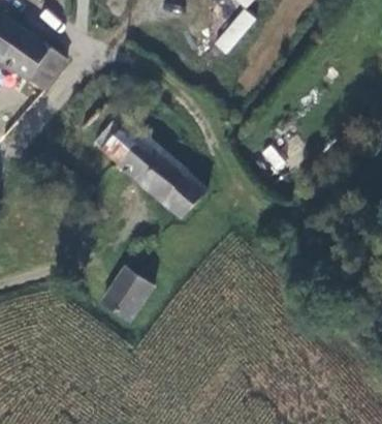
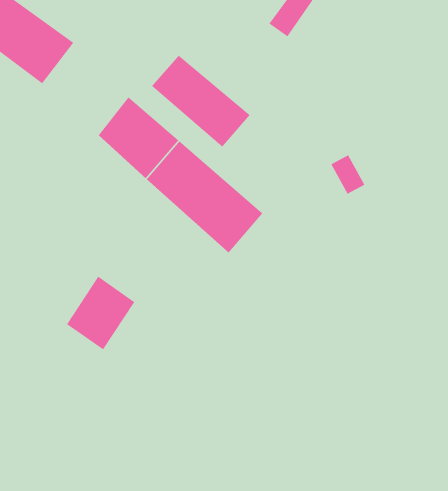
building: none -> [151,55,251,147]
building: [102,266,154,322] -> [66,276,135,350]

